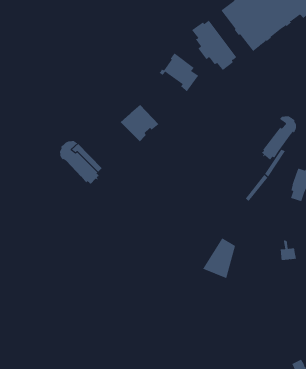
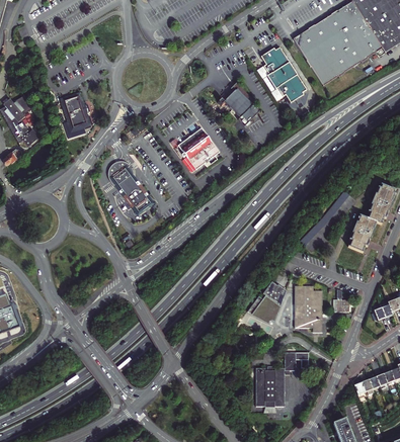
building: none -> [62,93,92,132]
building: [261,115,297,160] -> none
building: none -> [296,286,324,333]
building: none -> [255,352,307,407]

